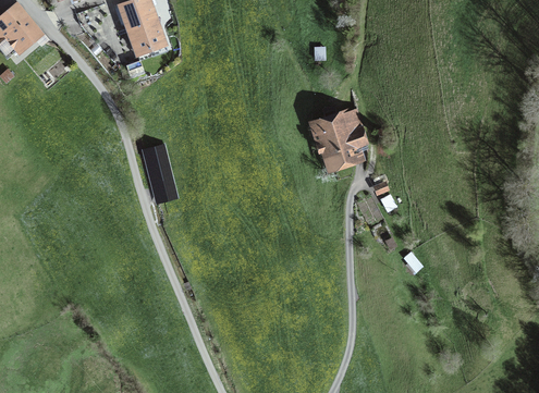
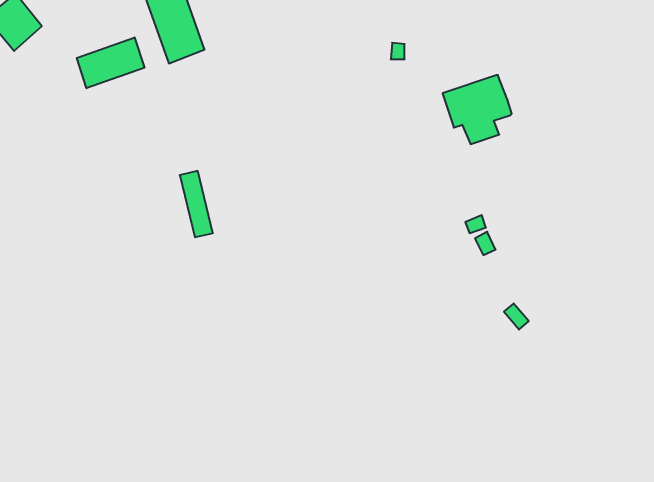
building: none -> [77,37,144,88]
building: [311,109,366,163] -> [443,75,512,144]

